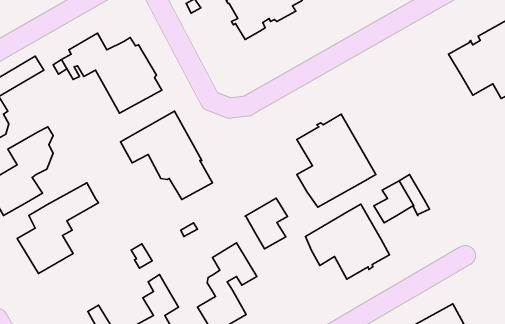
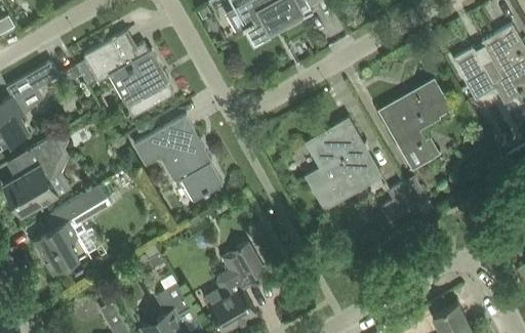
building: none -> [378,79,451,169]
building: [245,198,287,249] -> none
building: [305,204,390,279] -> none

